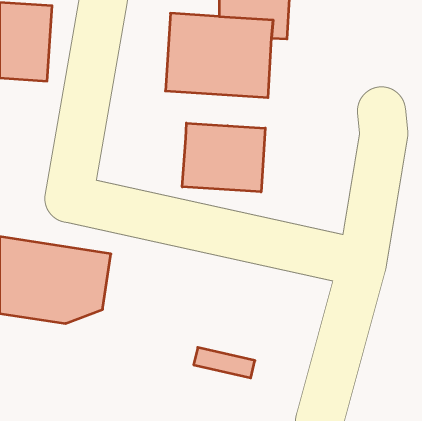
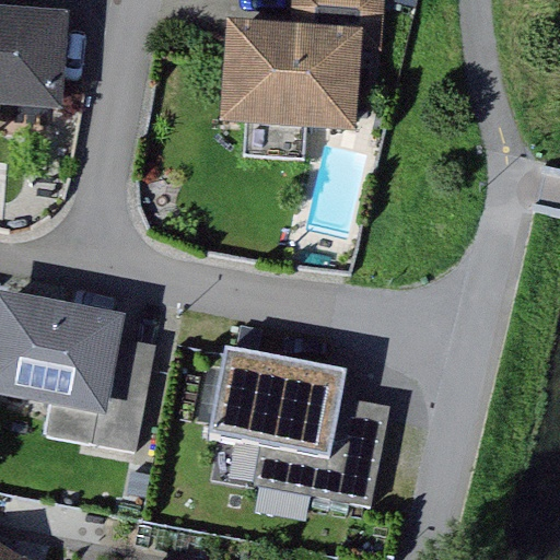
building: [182,123,265,192] -> none
building: none -> [228,348,376,465]

